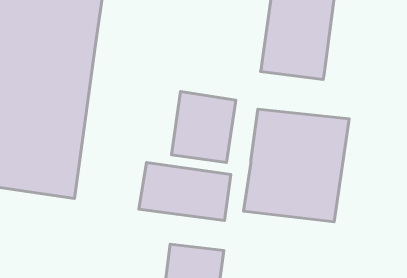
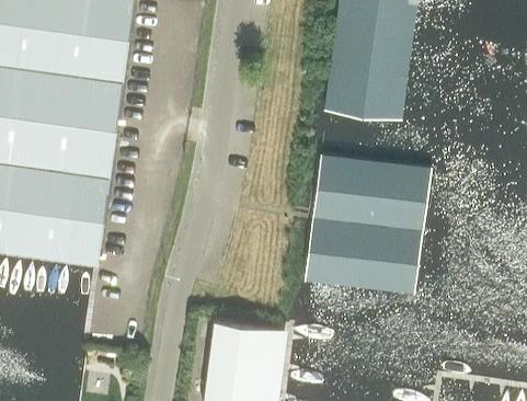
building: [172,91,236,163] -> none
building: [139,163,231,221] -> none

